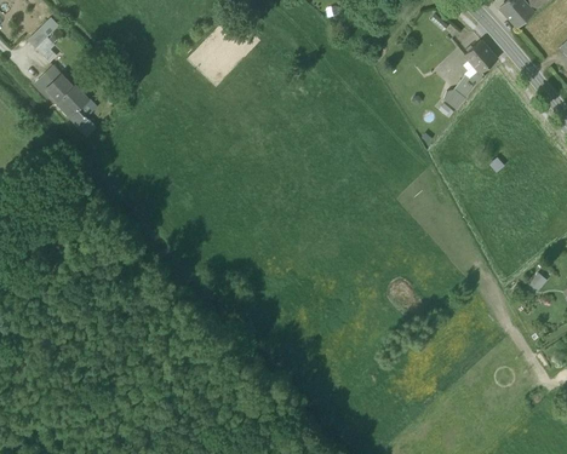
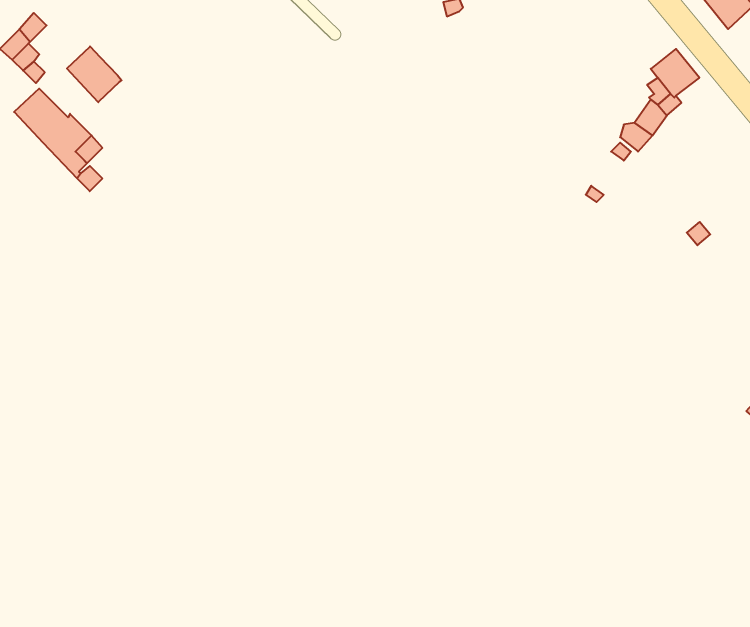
building: none -> [67,46,122,102]

